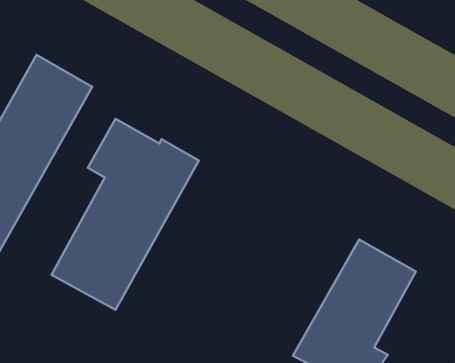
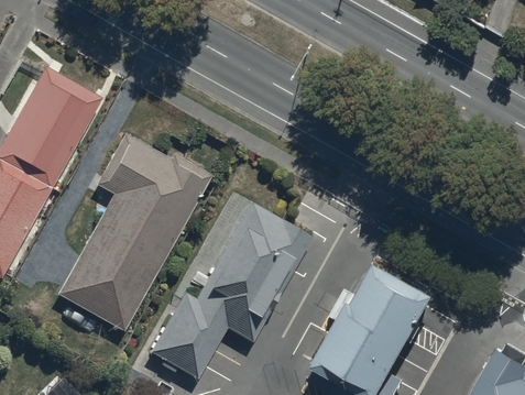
building: none -> [149,200,313,380]

